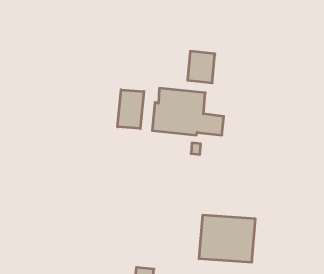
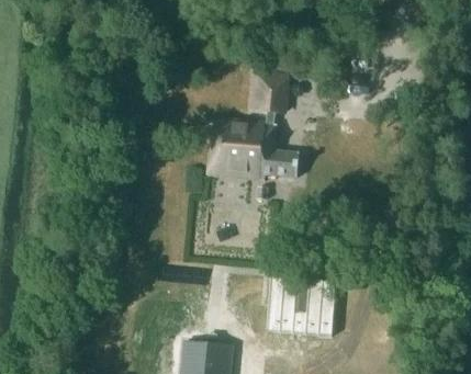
building: [118,90,144,129] -> none

